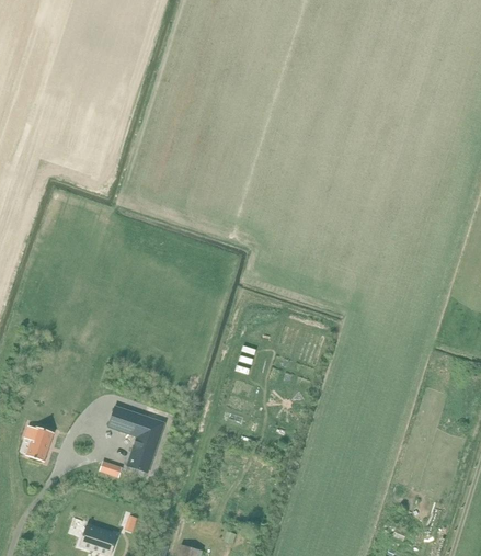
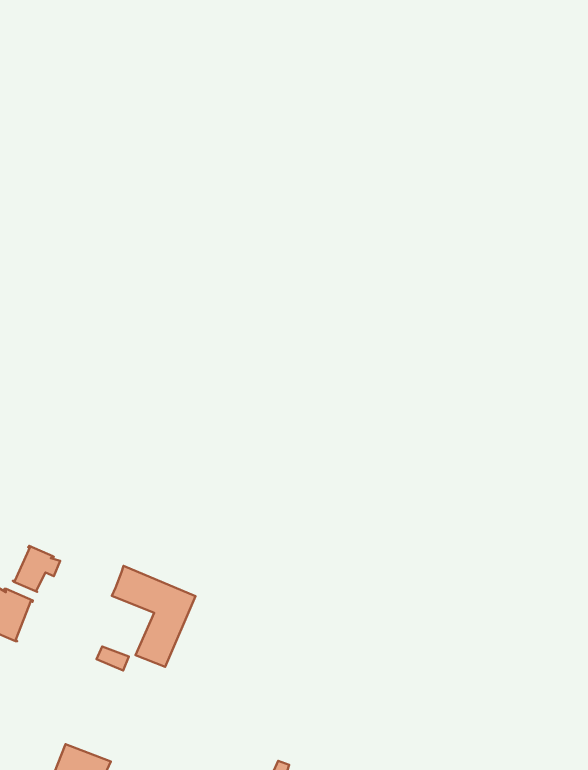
building: none -> [13,546,60,592]

